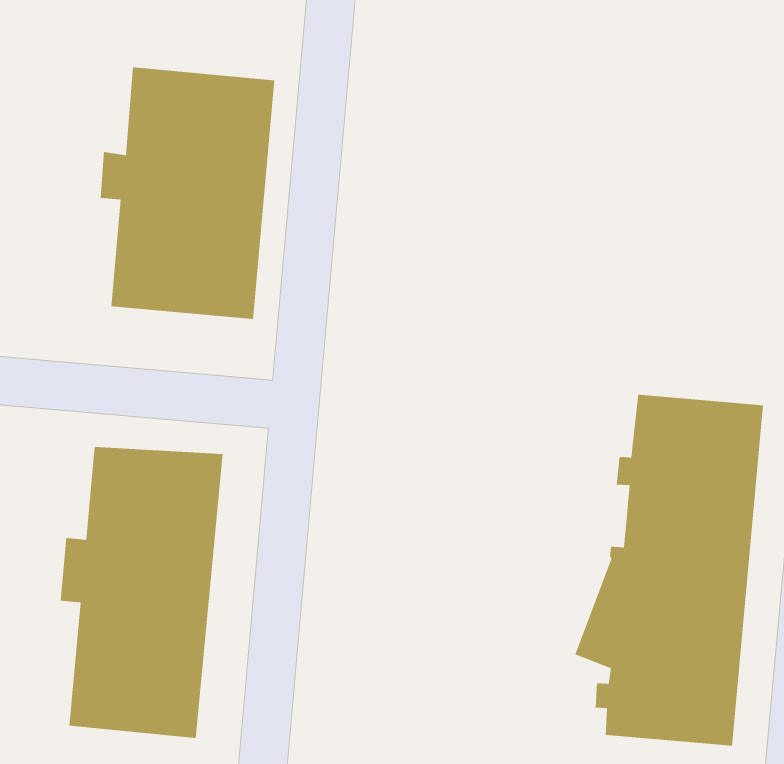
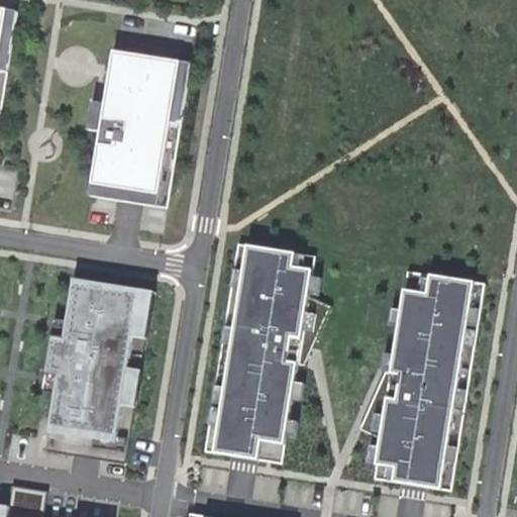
building: none -> [202,242,327,461]

